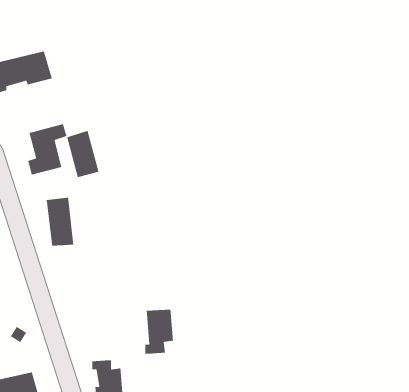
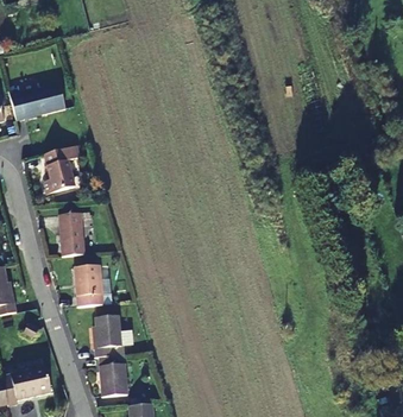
building: [66,130,100,178] -> none
building: none -> [74,265,102,307]
building: [144,309,174,355] -> [94,317,120,358]

